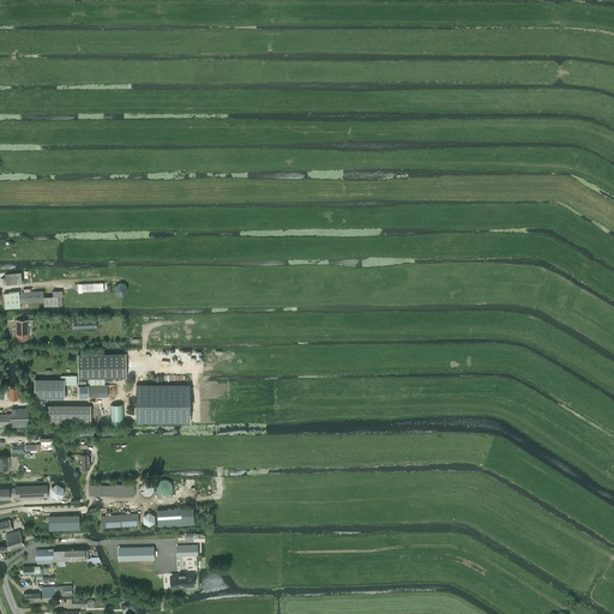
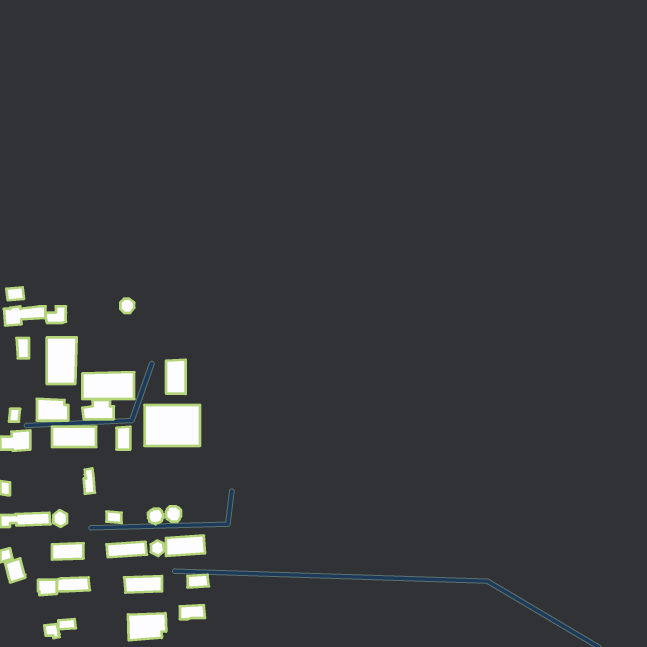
building: none -> [47,337,77,384]
building: none -> [166,360,186,394]
building: none -> [128,613,166,640]

